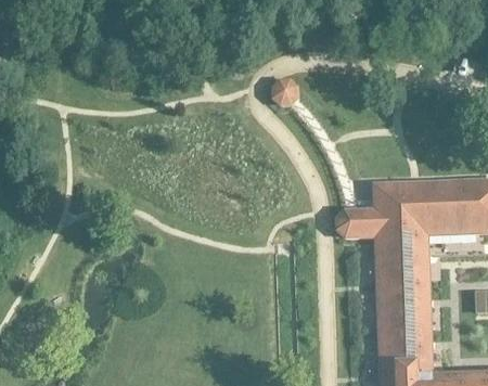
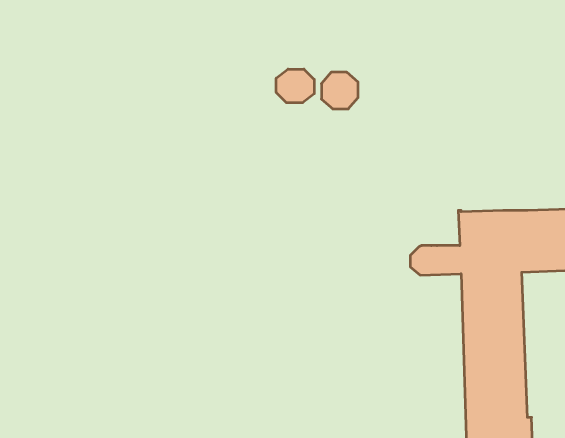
building: none -> [276,69,314,103]

